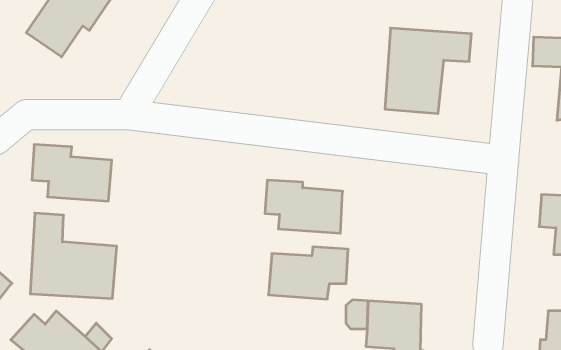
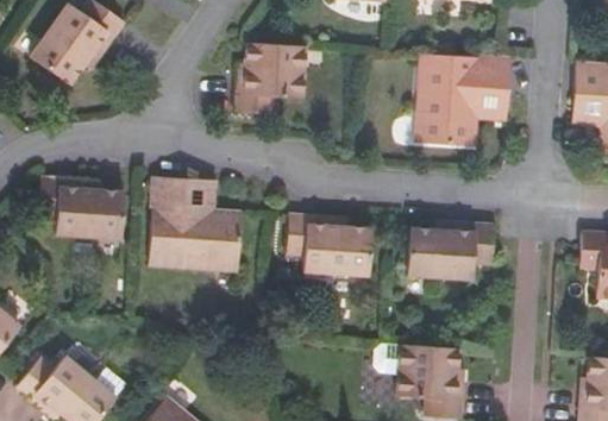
building: none -> [236,45,306,112]
building: [30,213,117,298] -> [149,178,242,270]
building: [268,247,348,299] -> [408,222,494,278]

